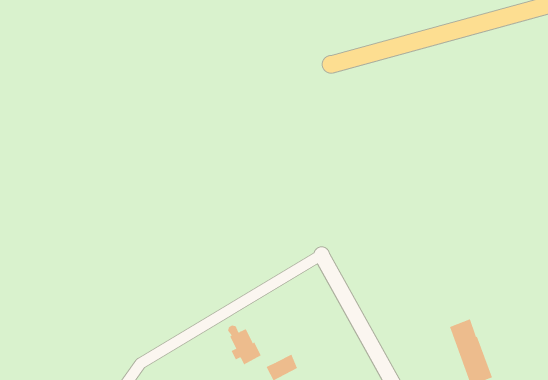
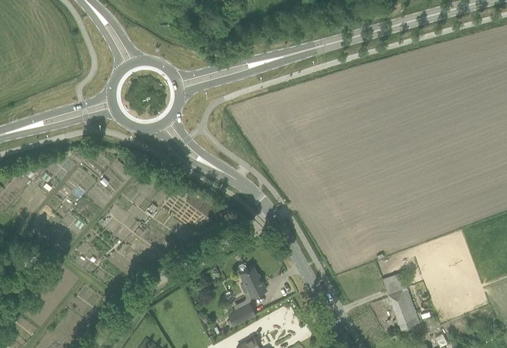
building: [227,325,261,365] -> [238,264,267,298]

